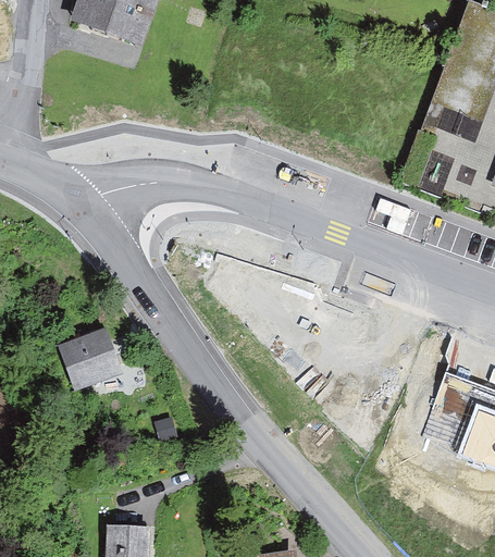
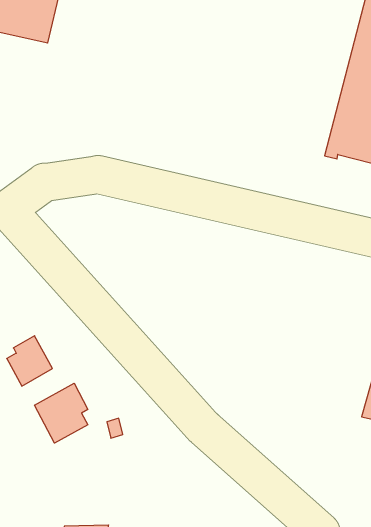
building: none -> [35,383,88,443]

